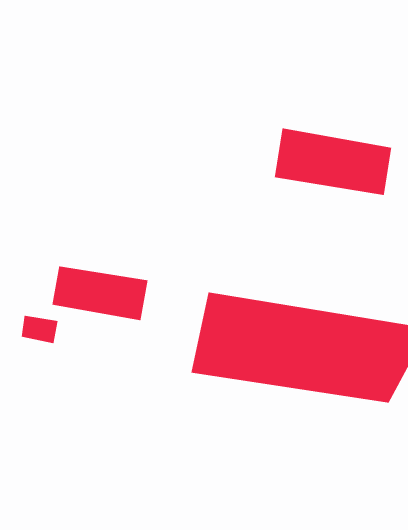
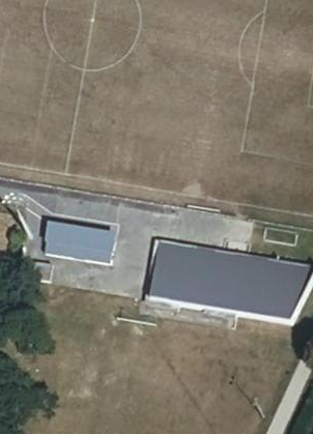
building: [274,128,392,196] -> none

